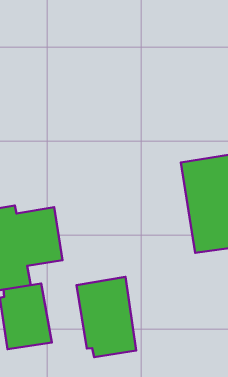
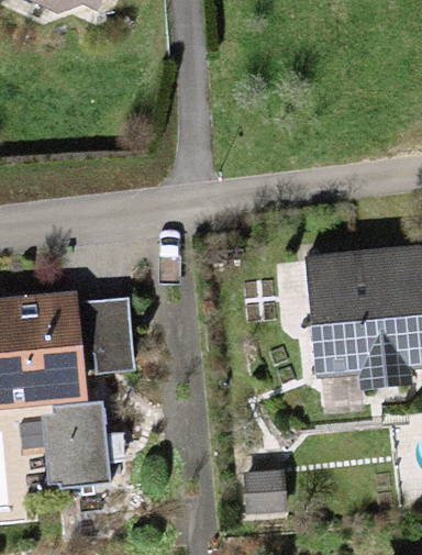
building: [77,277,136,357] -> none

